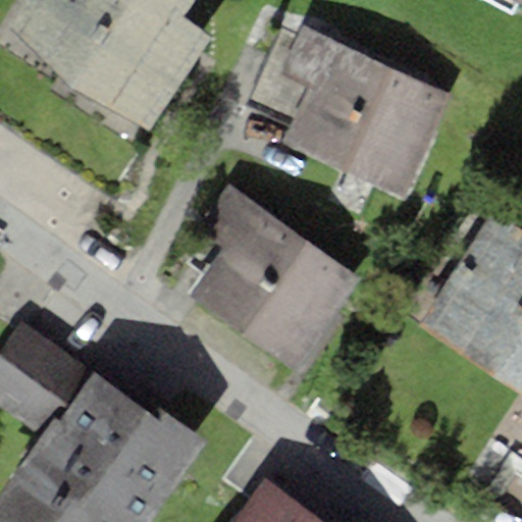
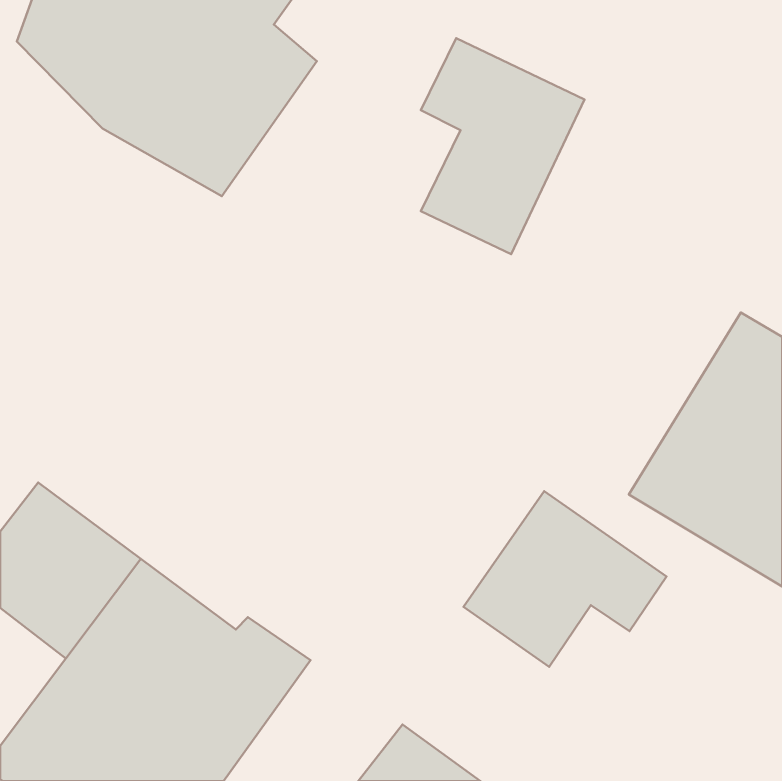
building: [341,66,452,199] -> none
building: [186,204,357,369] -> none
building: none -> [464,491,667,667]

